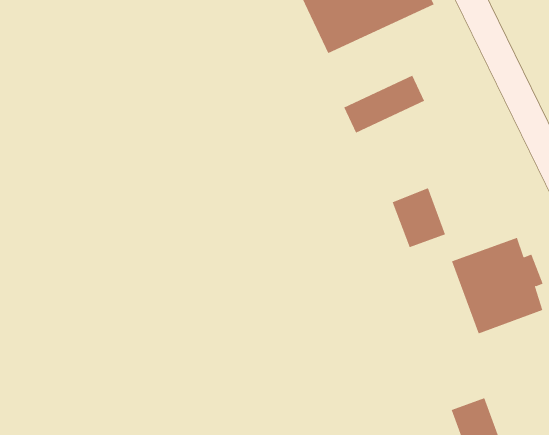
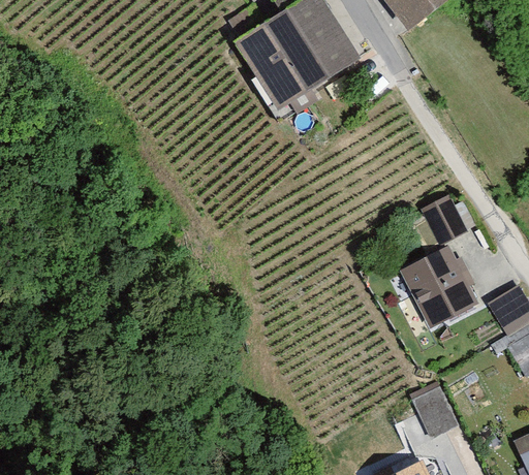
building: [343,75,425,134] -> none
building: [392,188,446,248] -> [421,194,468,246]

